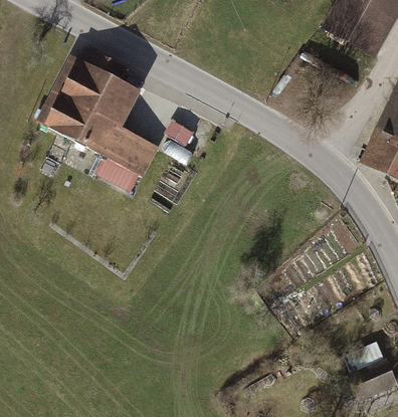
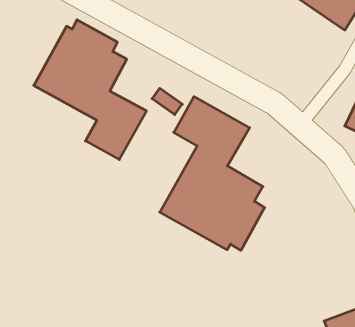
building: none -> [160,97,265,250]

